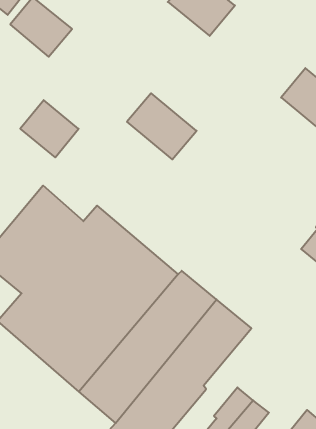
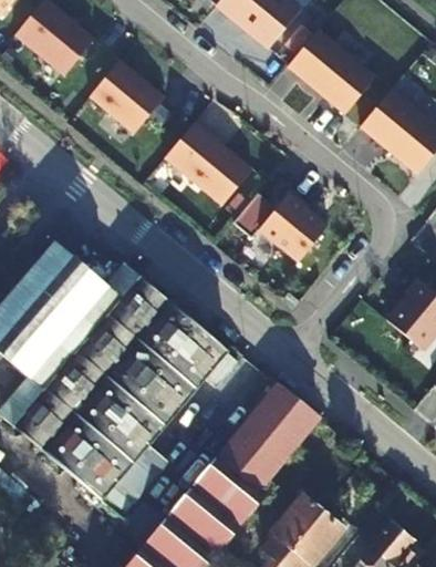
building: none -> [287,29,374,113]
building: [20,100,79,157] -> [89,60,163,133]
building: none -> [231,193,326,262]

